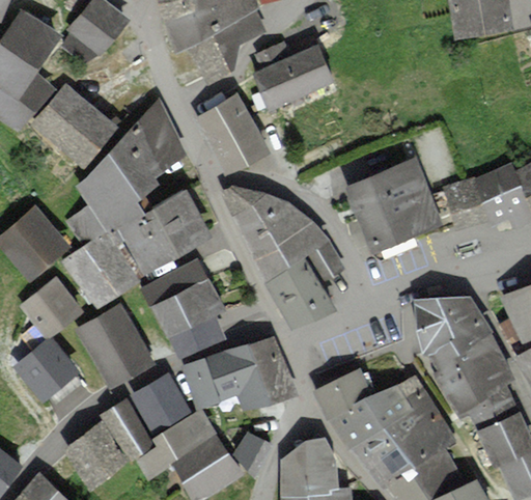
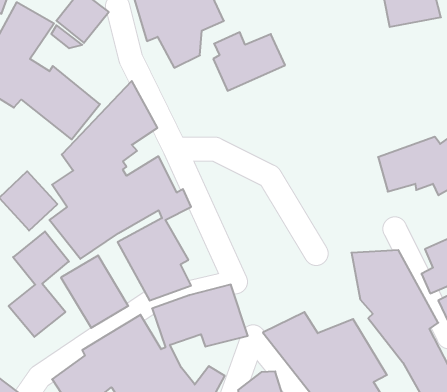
building: [194,92,270,173] -> none
building: [346,158,446,253] -> none
building: [220,185,344,329] -> none

